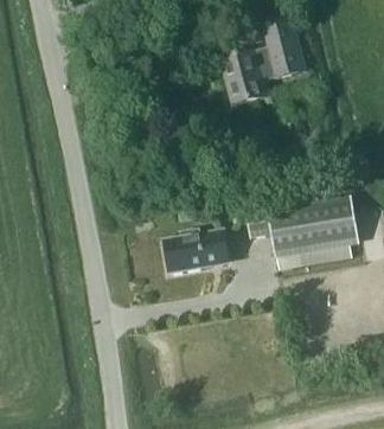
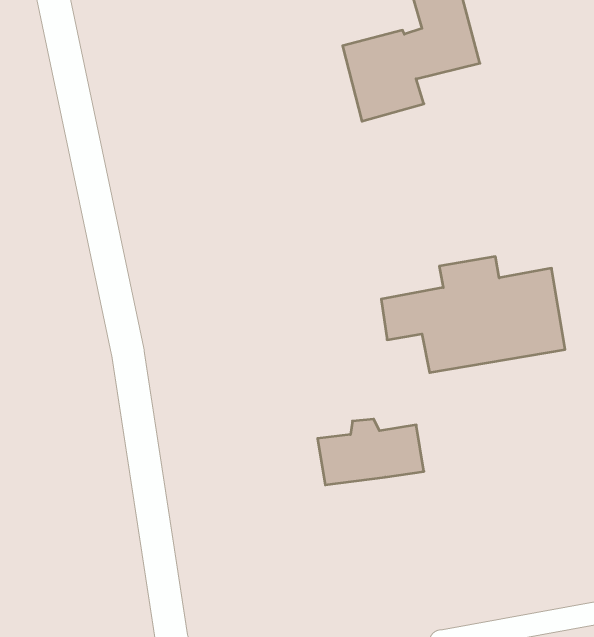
building: [165,230,230,270] -> [318,419,424,485]

